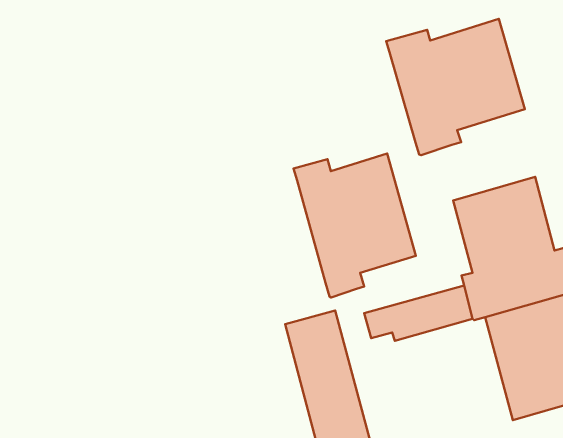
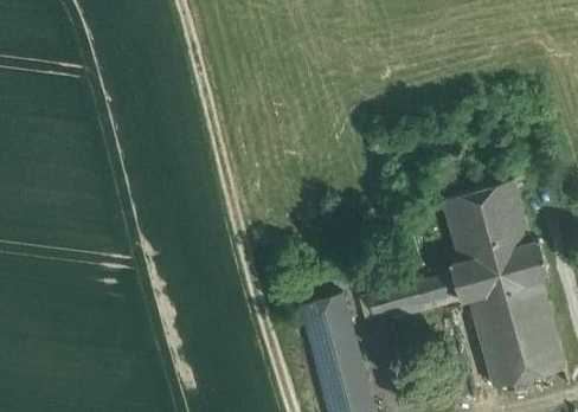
building: [386,19,525,155] -> none
building: [294,153,416,297] -> none

